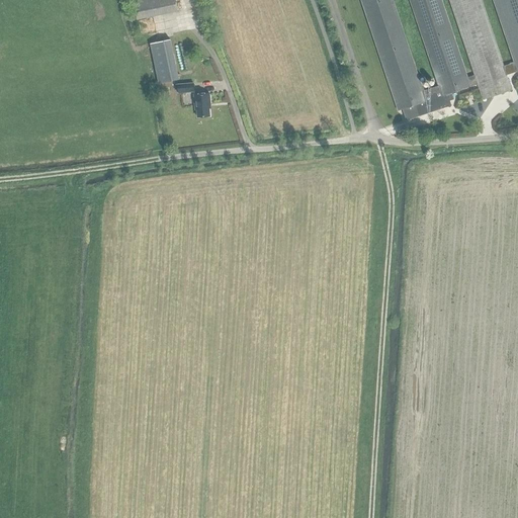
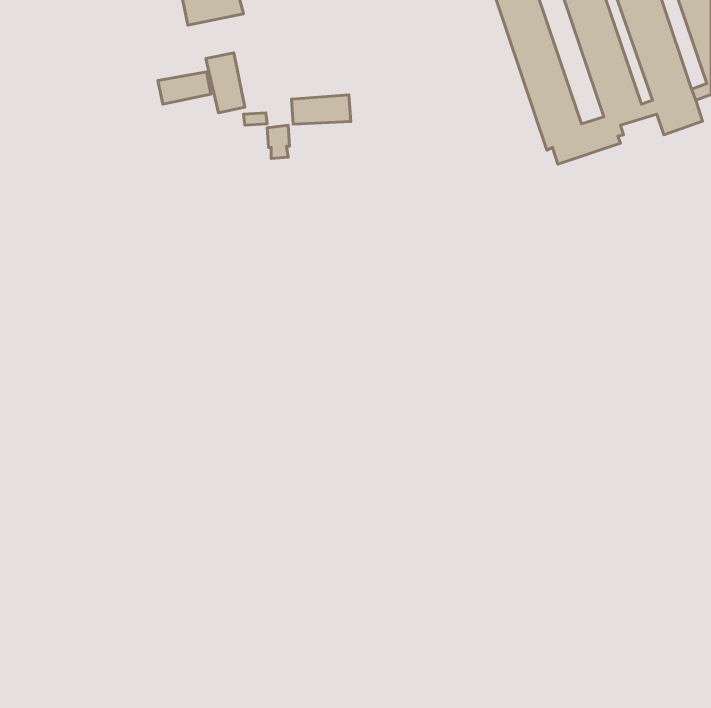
building: none -> [158,72,211,104]
building: none -> [291,95,351,124]

